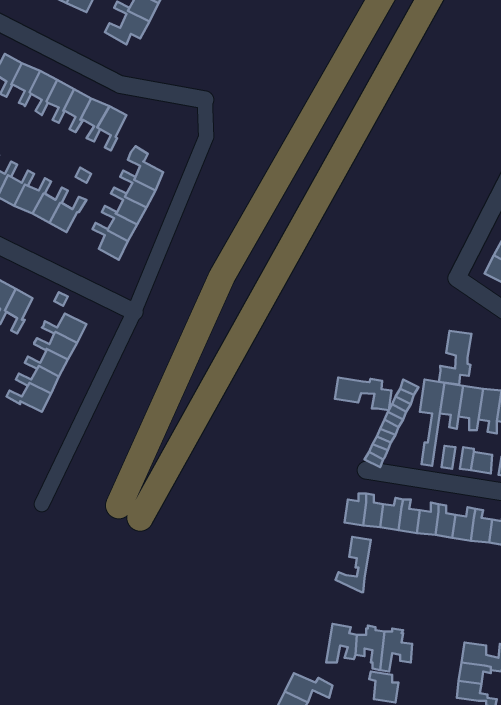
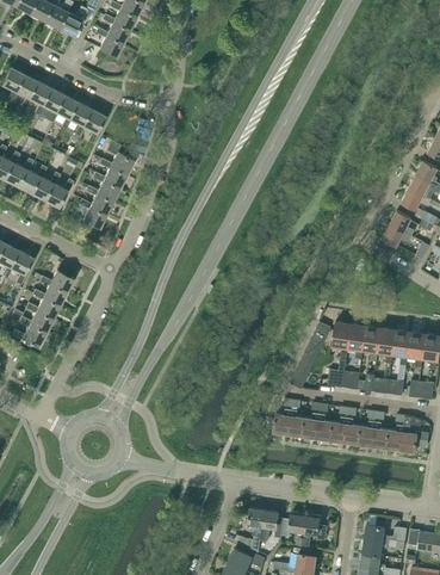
building: [439,331,472,384] -> none
building: [335,377,391,410] -> none
building: [335,537,371,592] -> [237,508,265,551]

